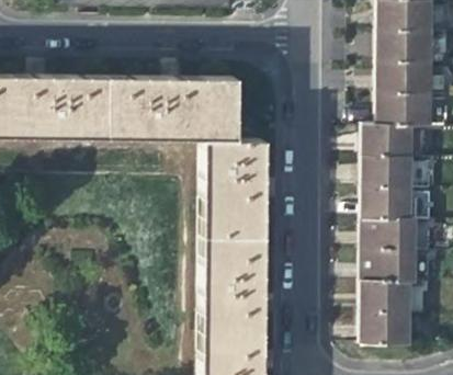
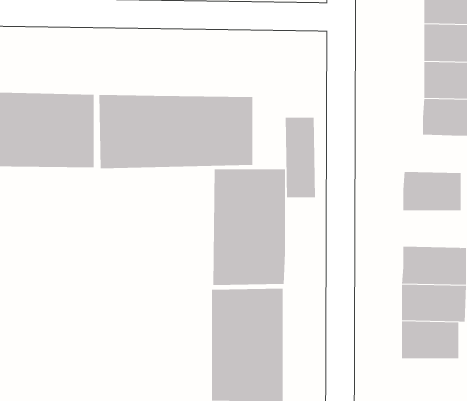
building: none -> [285,117,316,198]
building: [364,114,412,146] -> none
building: [363,178,412,208] -> none
building: [361,302,410,332] -> none

